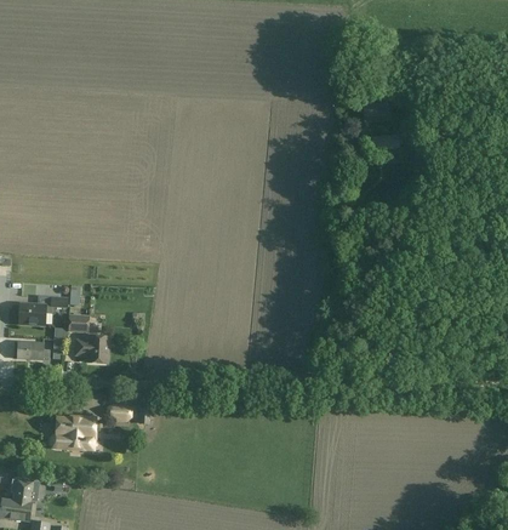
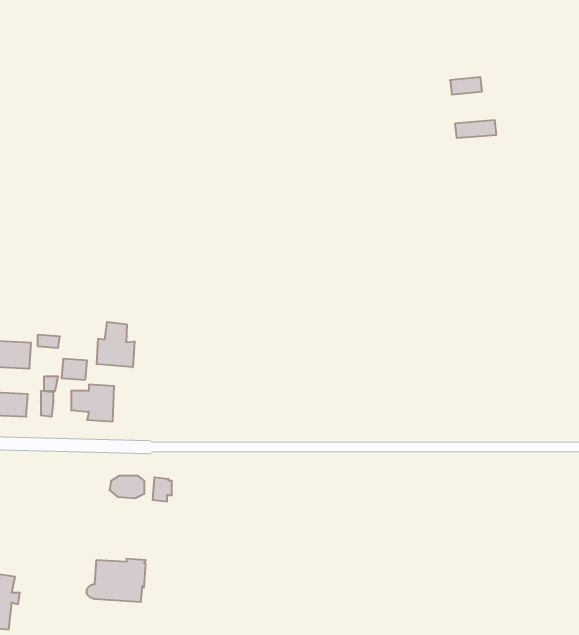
building: none -> [97,322,135,367]
building: [50,416,95,449] -> [87,559,146,602]

